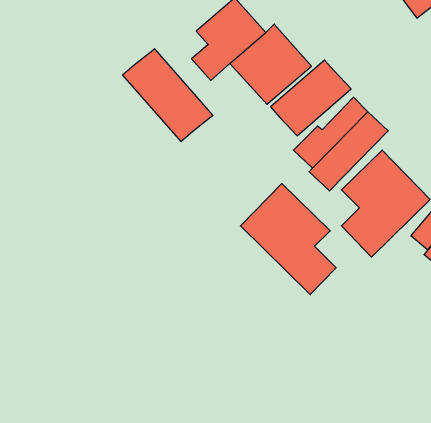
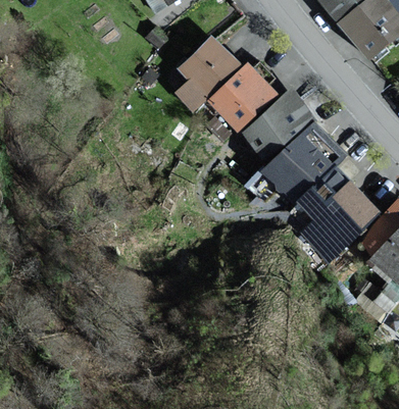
building: [123,49,213,142] -> none
building: [240,184,336,295] -> none

